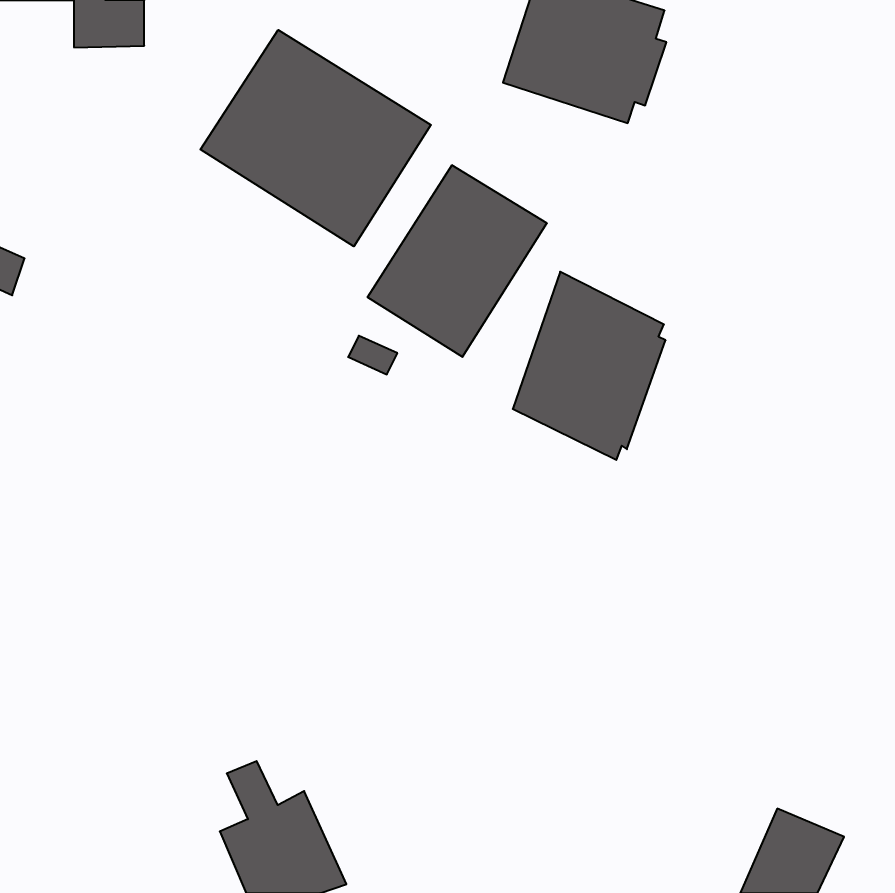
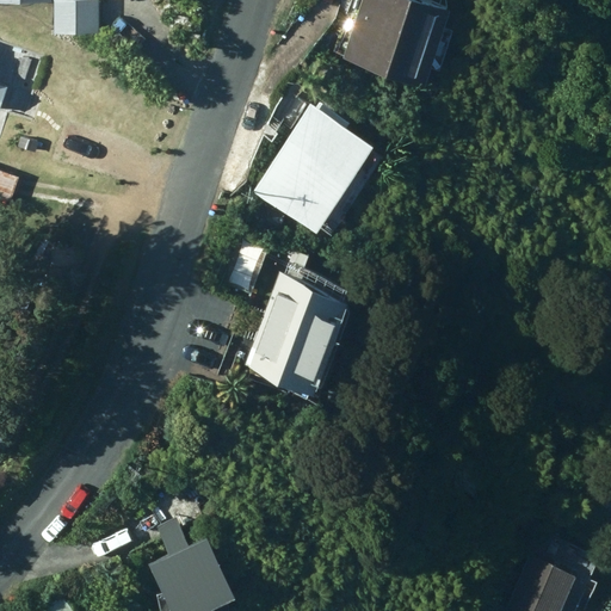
building: [200,30,431,246] -> none
building: [513,272,666,460] -> [245,269,348,396]

